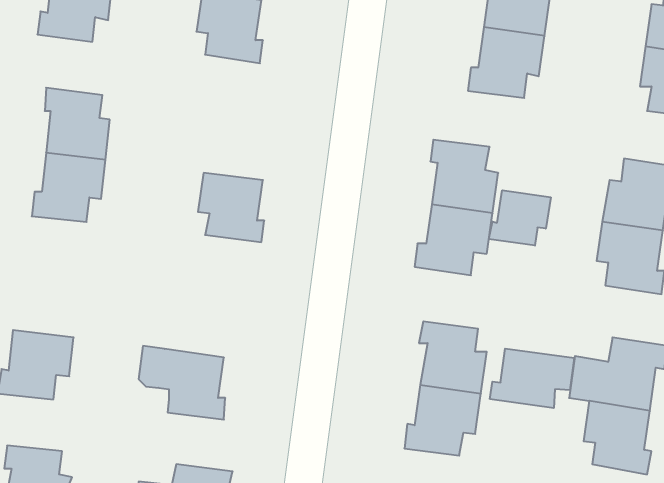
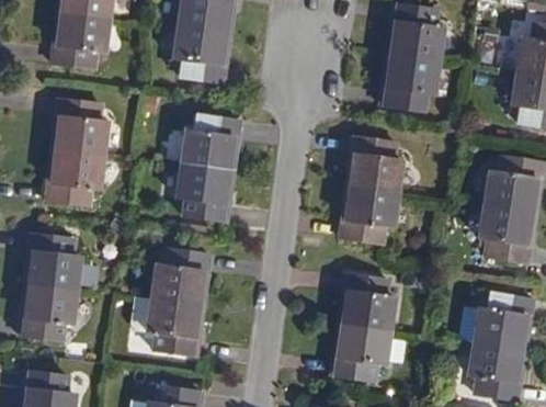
building: none -> [180,117,237,172]
building: [489,190,551,246] -> none
building: none -> [33,236,84,292]
building: none -> [150,252,207,307]
building: [490,349,574,408] -> none

